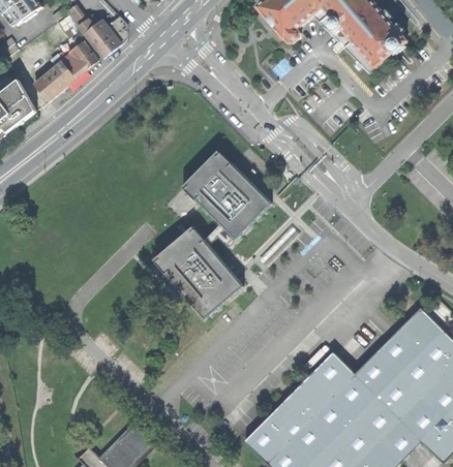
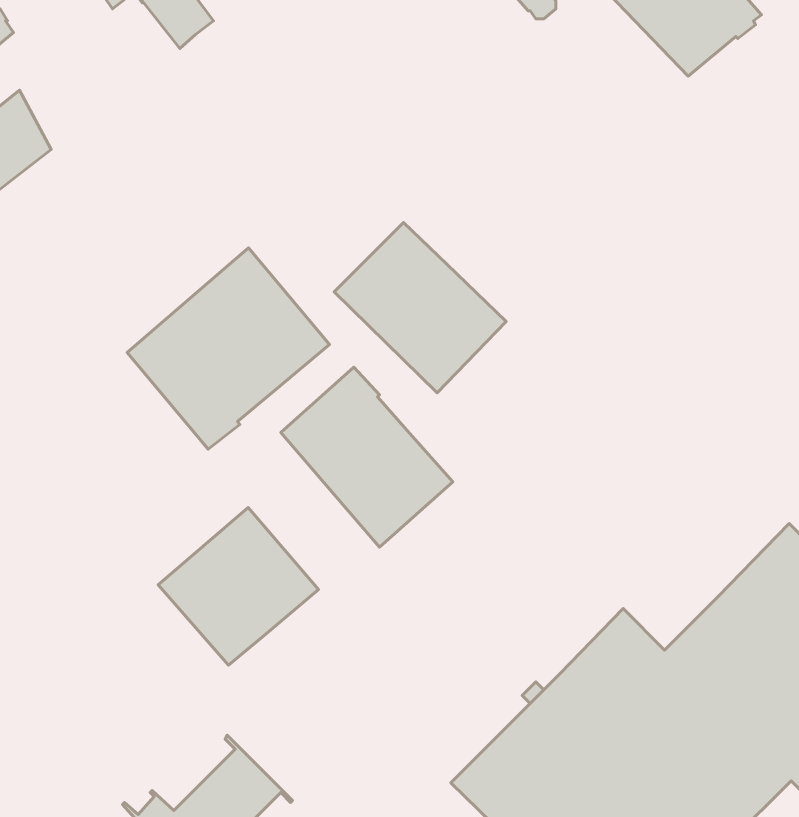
building: [32,40,96,100] -> none
building: none -> [127,248,330,449]
building: none -> [158,507,318,665]

